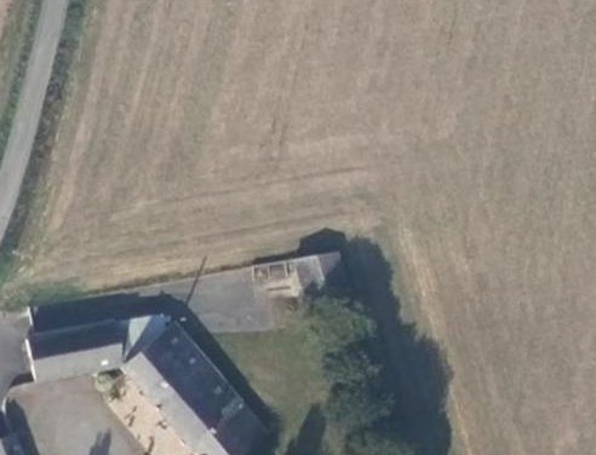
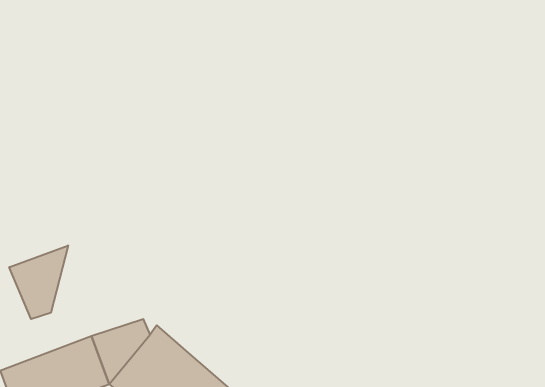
building: none -> [9,245,68,319]
building: [293,250,350,310] -> none

